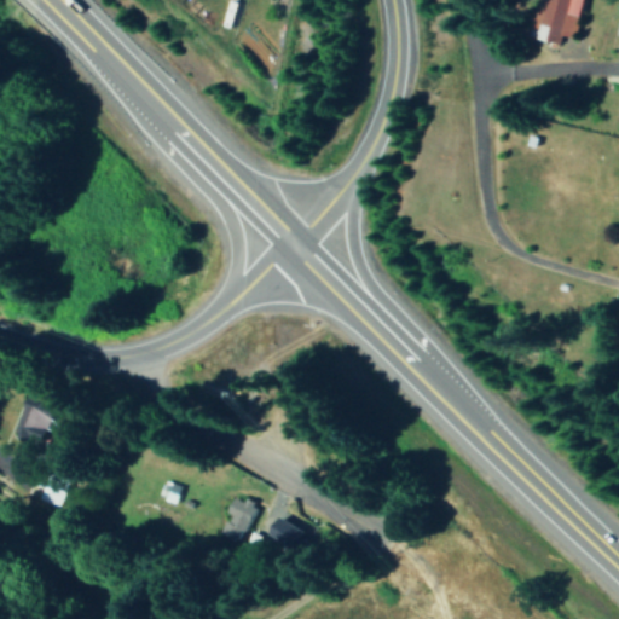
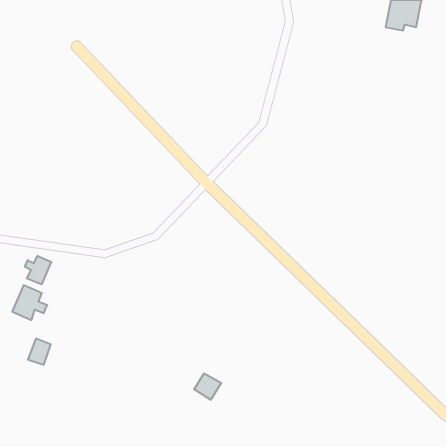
building: none -> [25,256,51,284]
building: [220,497,256,540] -> none

